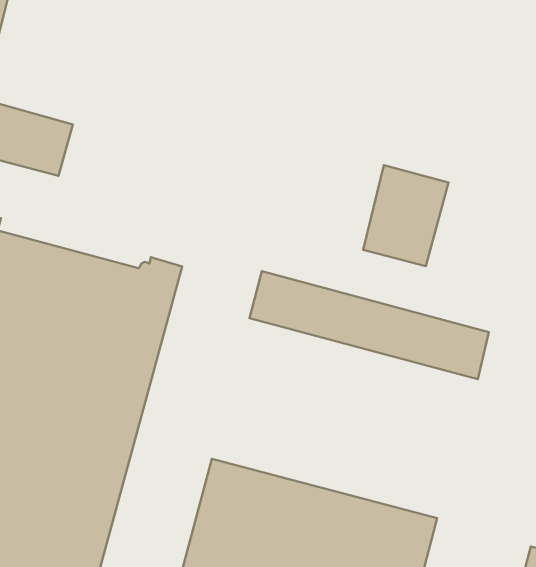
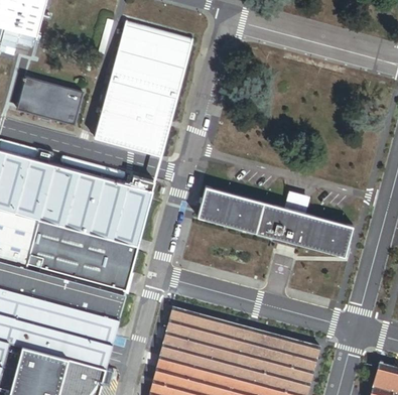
building: none -> [93,25,190,161]
building: [363,165,448,266] -> none

